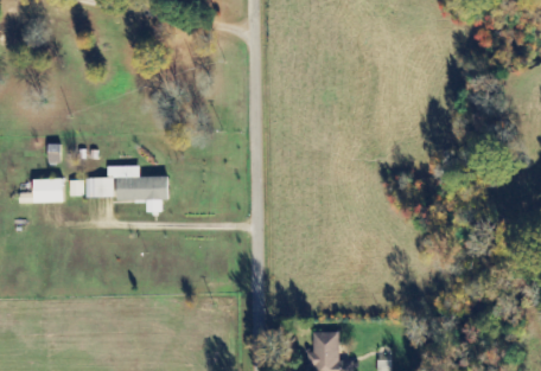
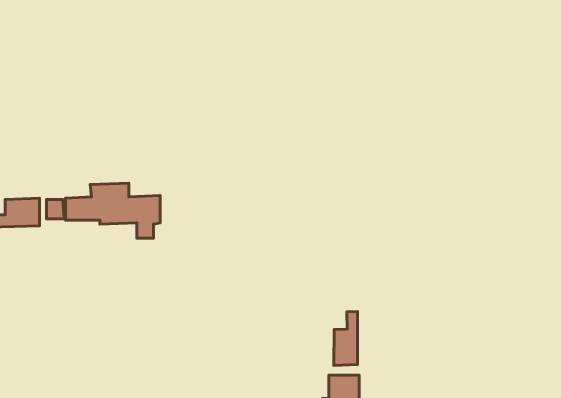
building: none -> [334,312,358,365]

